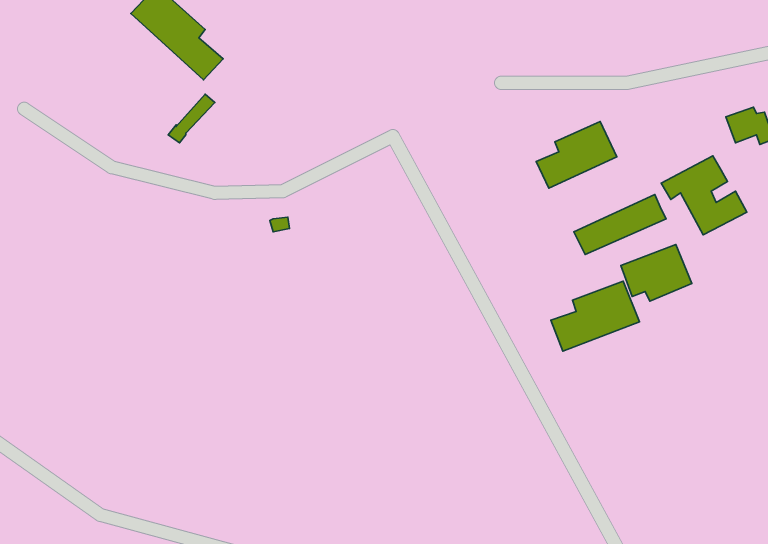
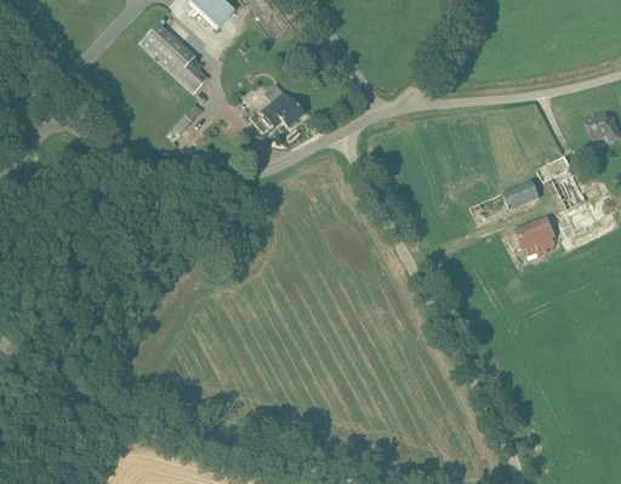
building: none -> [260,82,303,129]
building: [536,122,617,188] -> none
building: [551,281,639,351] -> none

